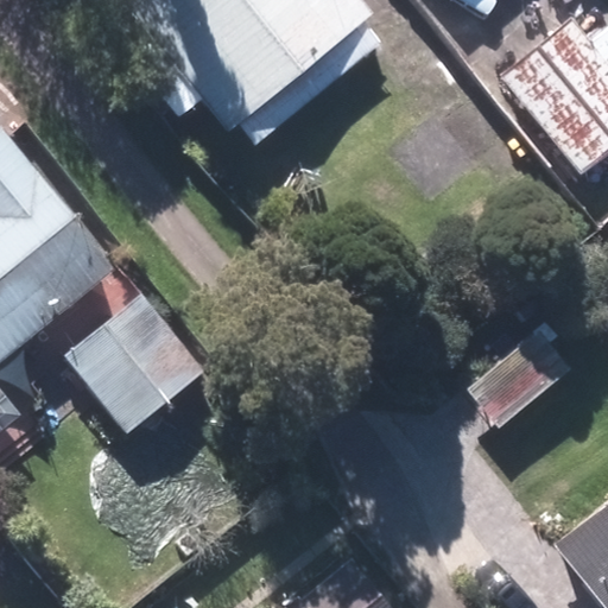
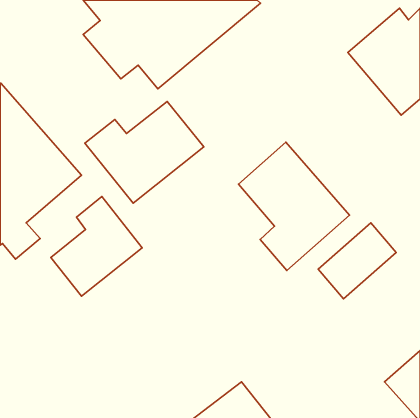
building: none -> [85,101,204,203]
building: none -> [239,142,349,270]

